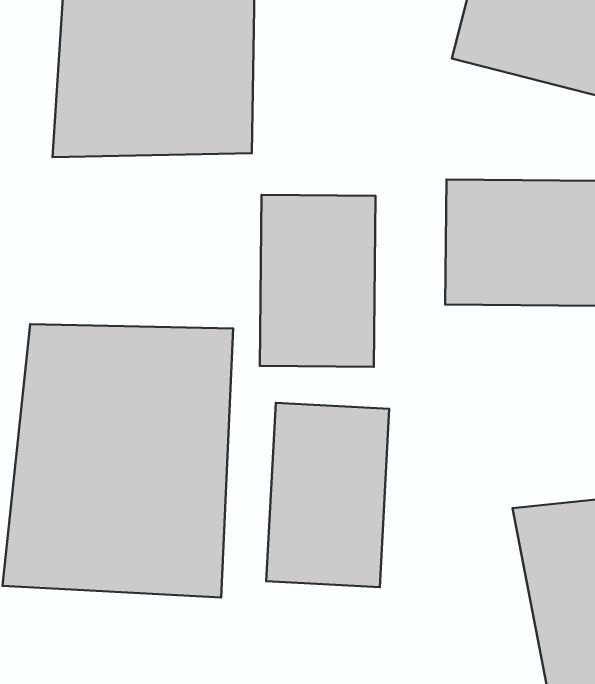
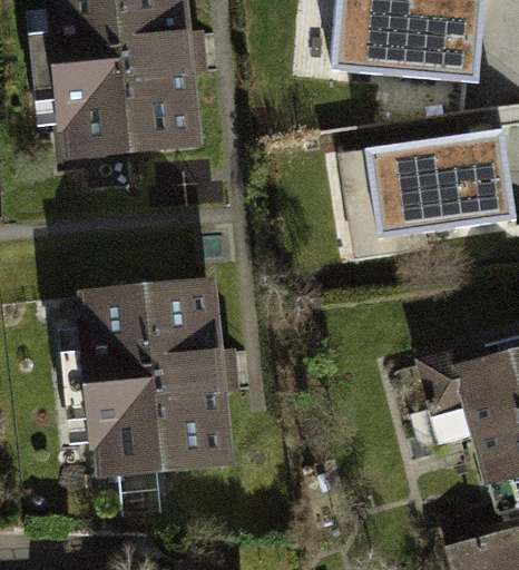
building: [260,195,375,367] -> none
building: [266,403,389,587] -> none

